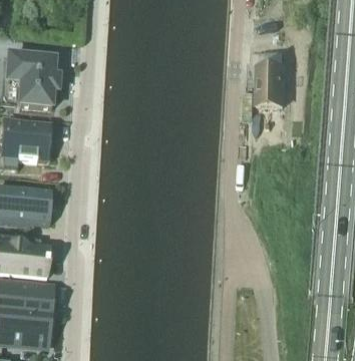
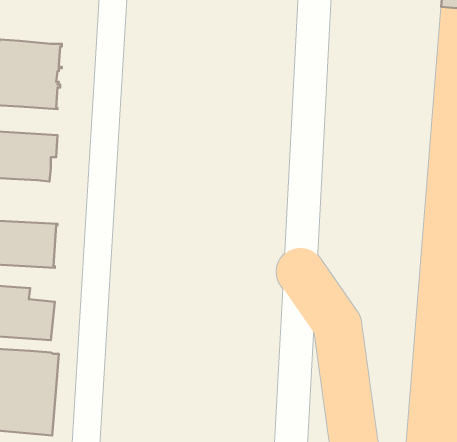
building: [256,64,283,104] -> none

